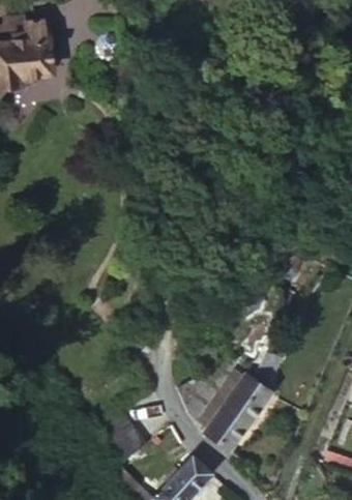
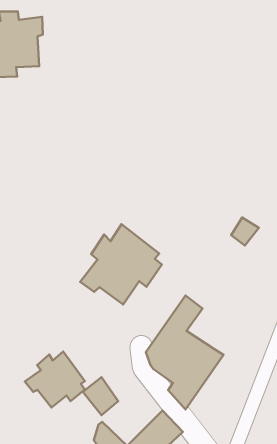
building: none -> [80,224,162,304]
building: none -> [25,351,85,408]

